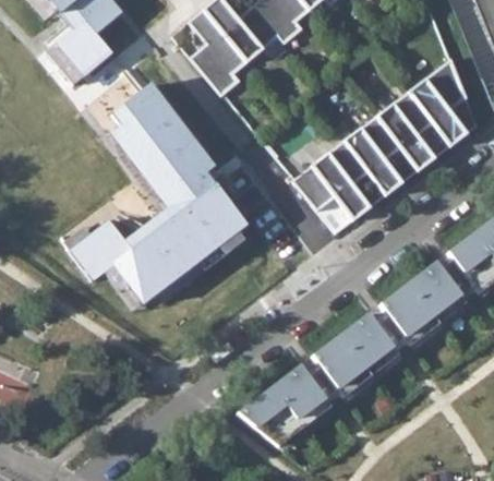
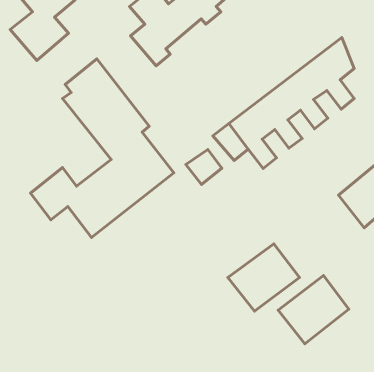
building: none -> [186,150,222,185]
building: [381,260,468,344] -> [278,276,349,344]
building: [238,363,333,444] -> none

